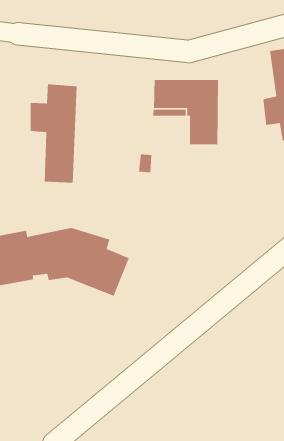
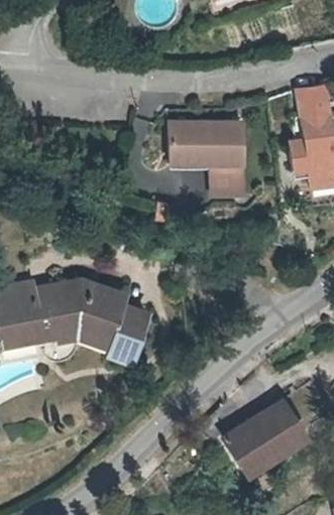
building: [30,84,77,183] -> none
building: none -> [225,399,304,468]

